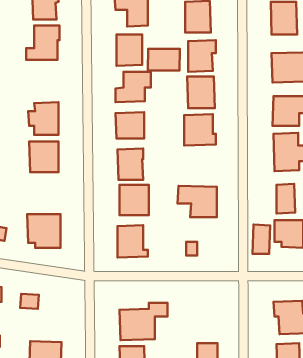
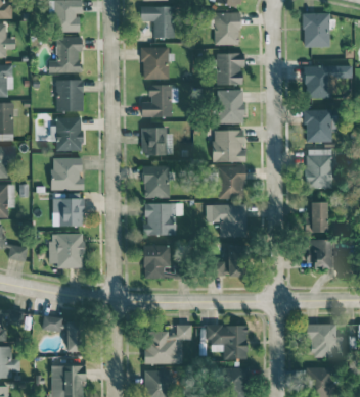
building: [148,49,180,71] -> none
building: none -> [55,80,84,111]
building: none -> [218,166,245,199]
building: none -> [52,198,84,226]
building: [252,224,270,254] -> [228,246,246,277]
building: none -> [66,321,83,352]
building: none -> [208,326,248,359]

